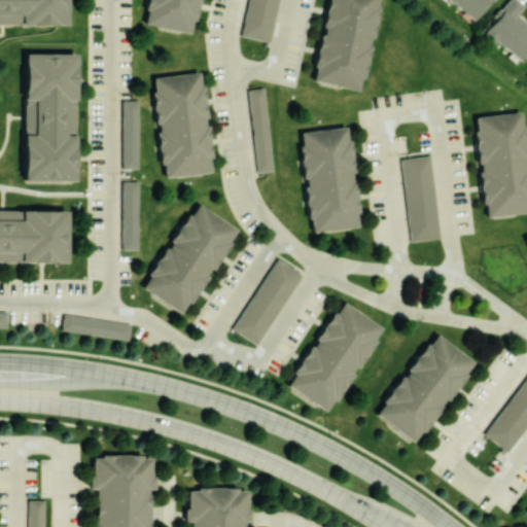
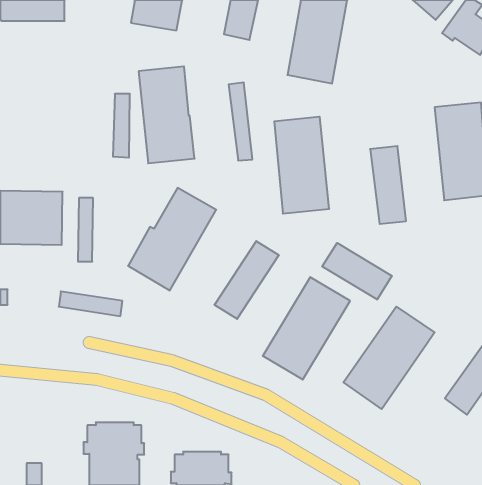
building: [22,49,79,181] -> none
building: [127,183,143,252] -> [78,198,93,262]
building: none -> [322,243,392,300]

